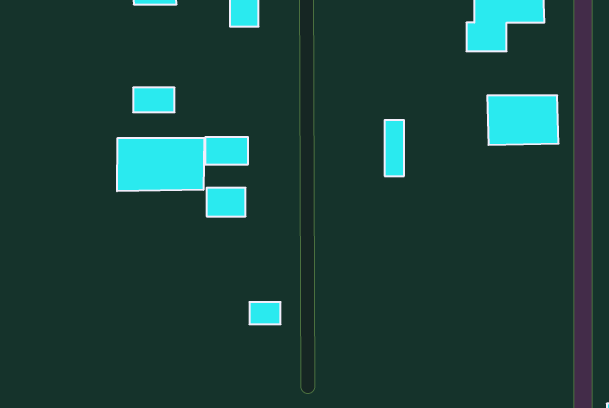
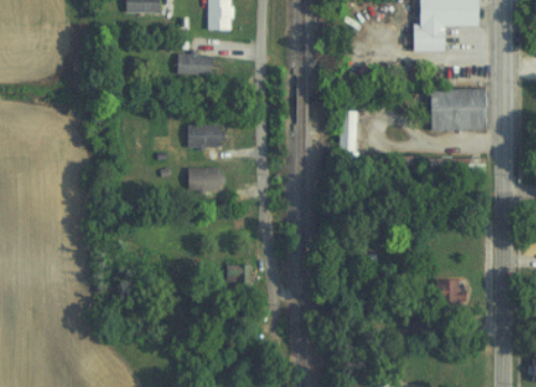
building: [133,88,175,112] -> [179,53,215,75]
building: [117,138,204,191] -> none
building: none -> [436,280,466,304]

